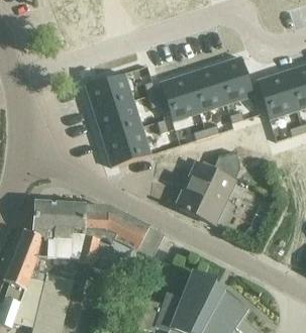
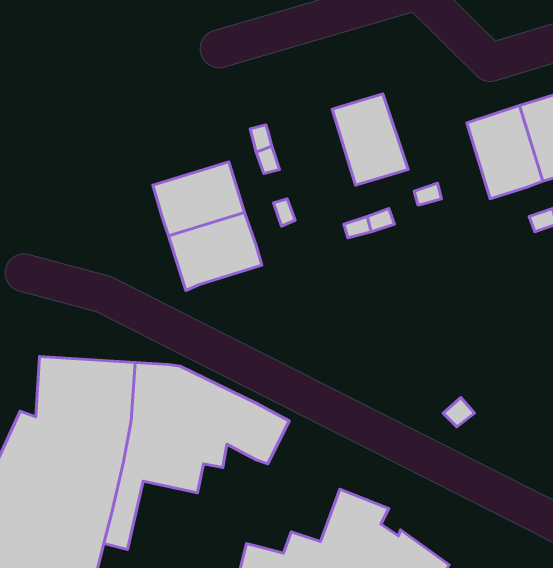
building: [213,57,253,105] -> none
building: [85,73,133,113] -> none
building: [160,74,199,122] -> none
building: [179,151,239,224] -> none

